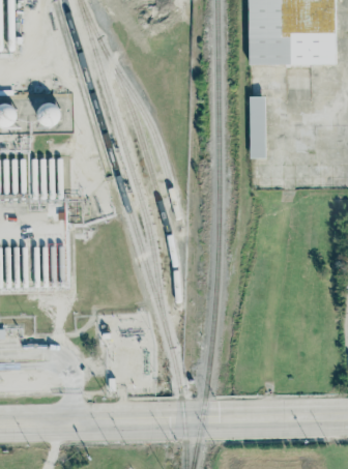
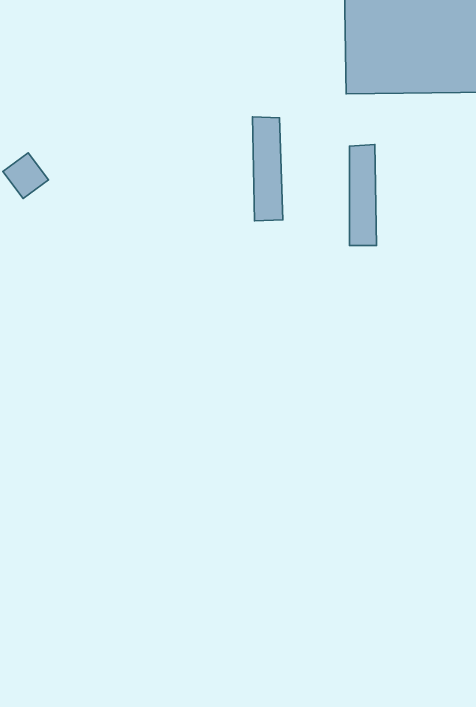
building: none -> [253,117,283,221]

